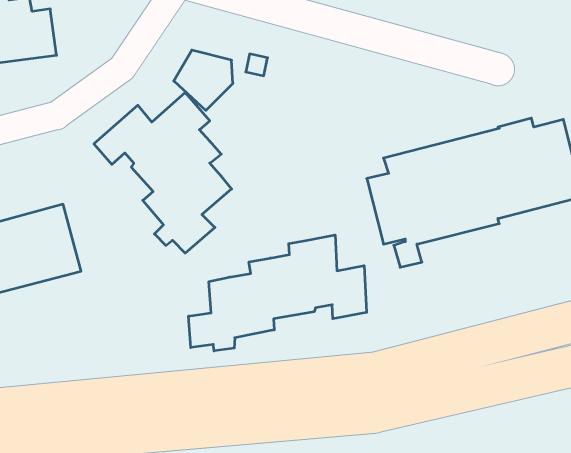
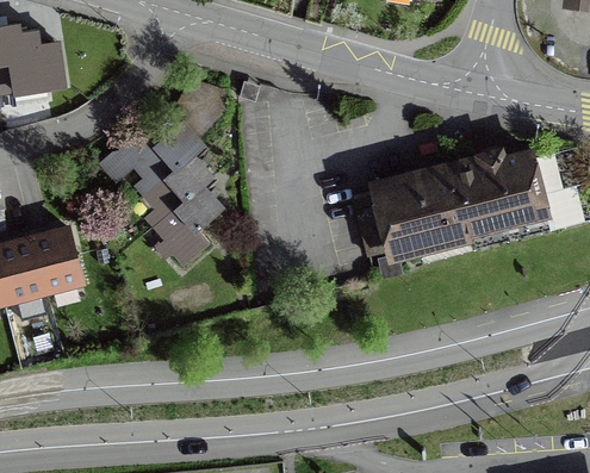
building: [189,235,367,351] -> none

